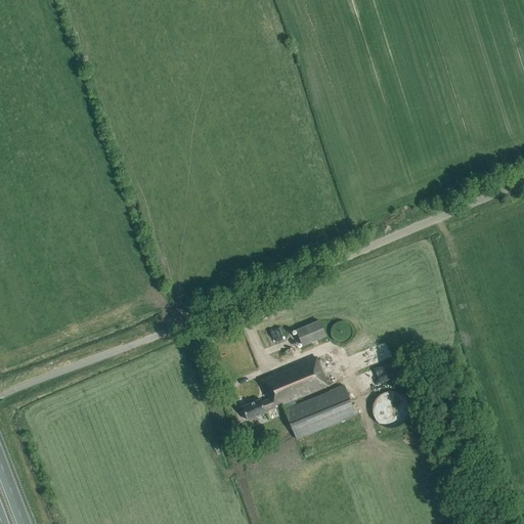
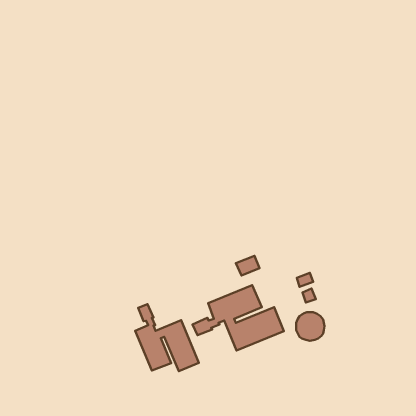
building: none -> [135,304,199,371]

